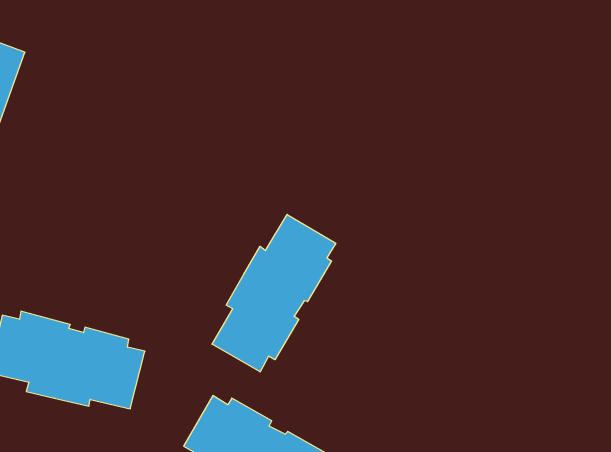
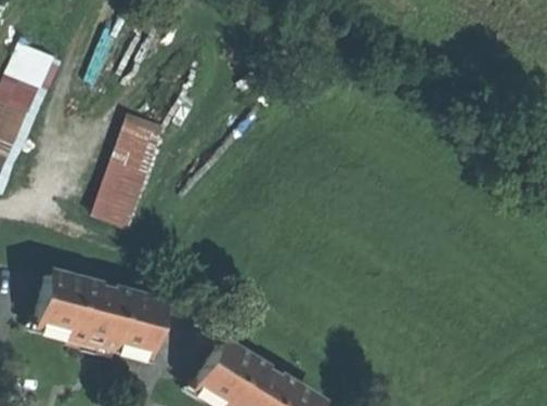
building: none -> [91,115,165,233]
building: [212,214,336,372] -> none

